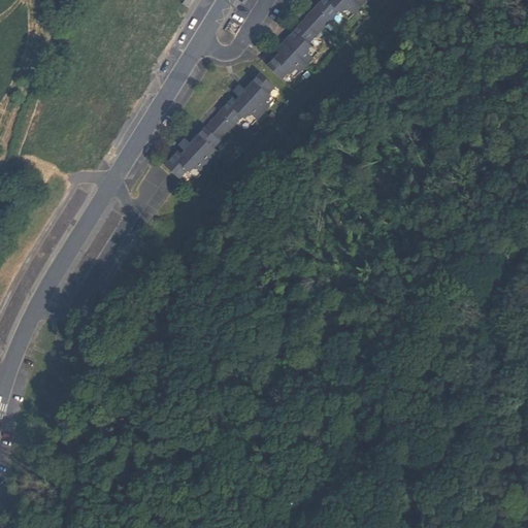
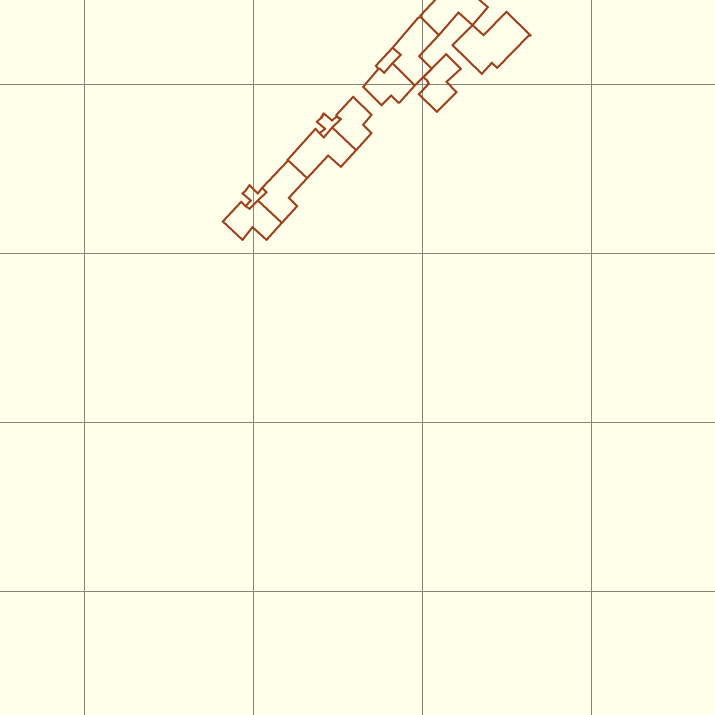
building: none -> [453,12,530,74]
building: none -> [419,54,461,112]

